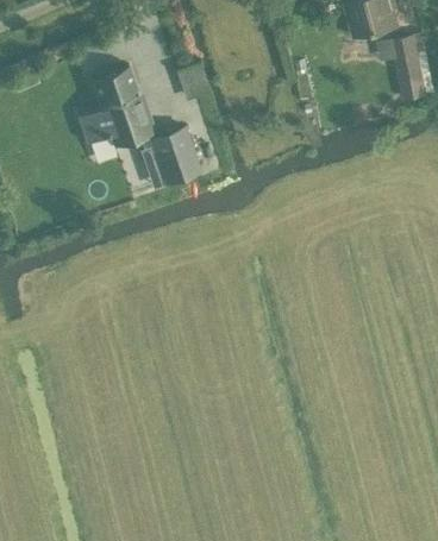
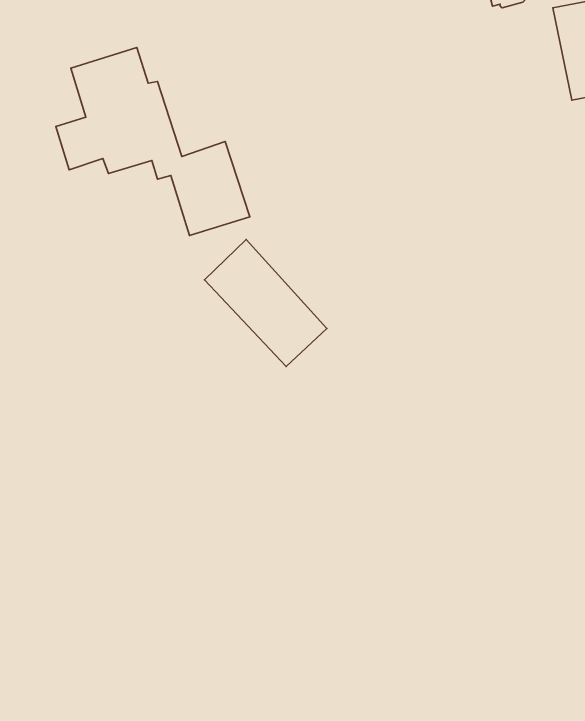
building: none -> [205,240,327,367]

